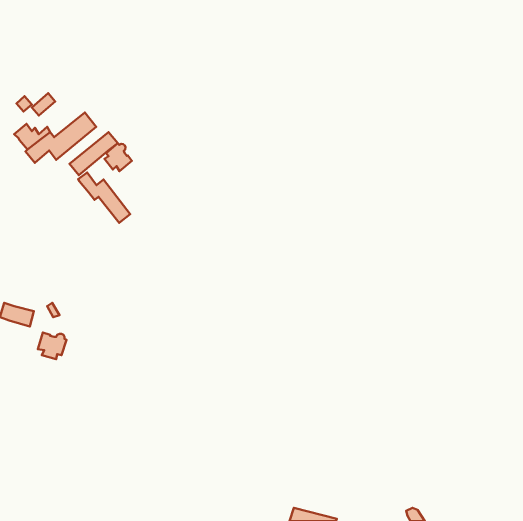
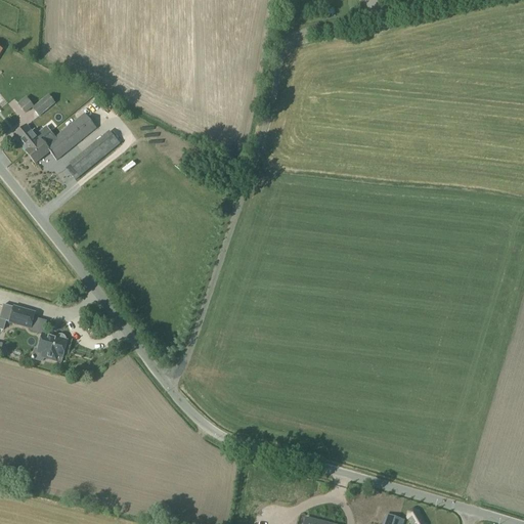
building: [104,143,132,171] -> none
building: [78,172,130,223] -> none

